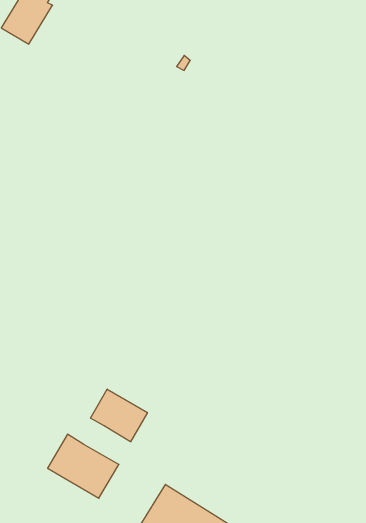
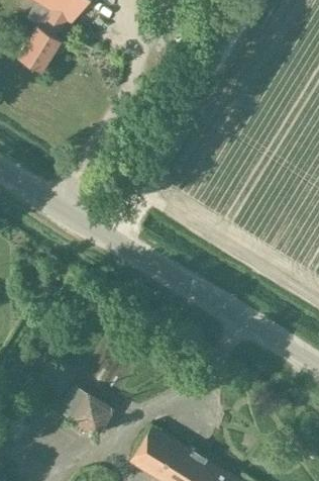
building: [91,389,147,442] -> none

